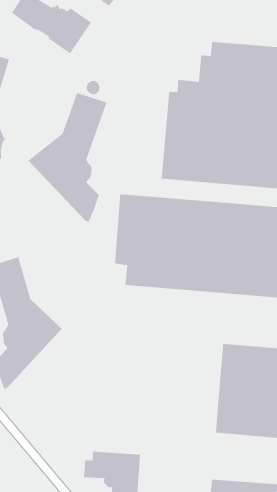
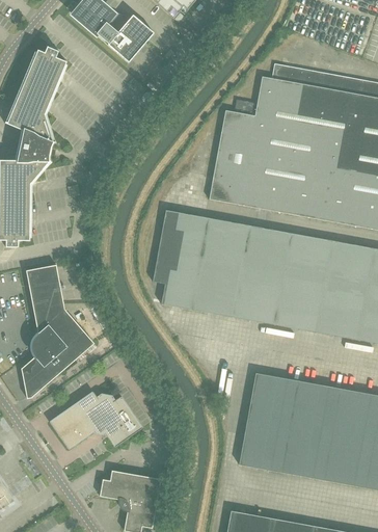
building: [27,92,107,222] -> none
building: none -> [50,392,141,448]

